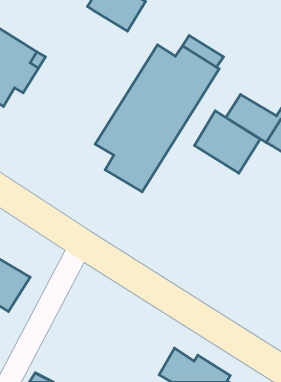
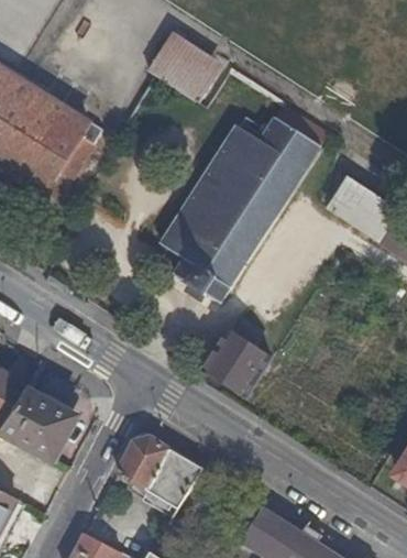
building: [195,111,260,173] -> none
building: none -> [204,316,268,396]
building: none -> [117,437,205,507]

